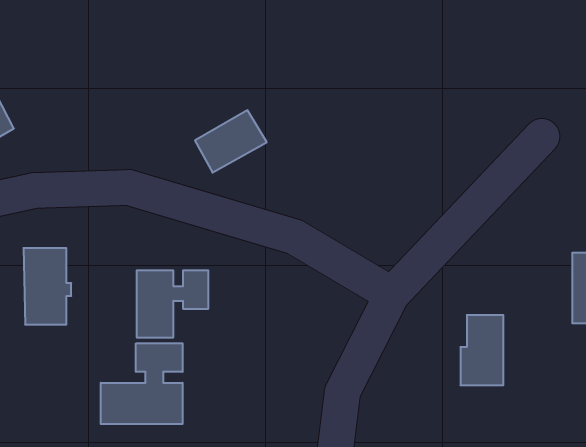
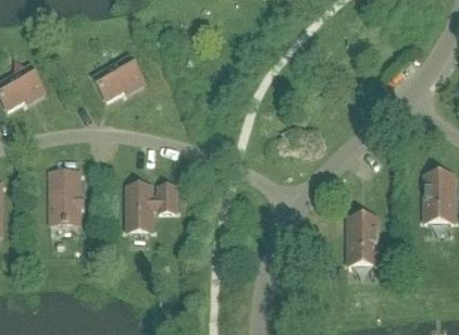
building: [195,110,267,173] -> [94,59,142,101]
building: [101,343,183,424] -> none

